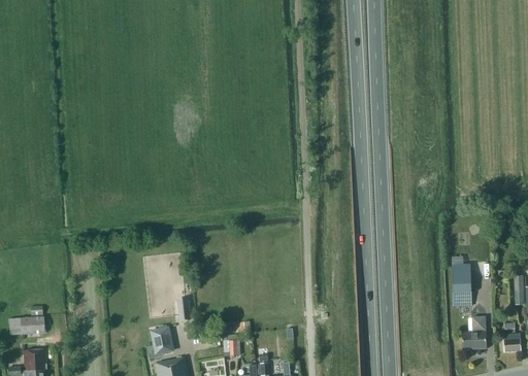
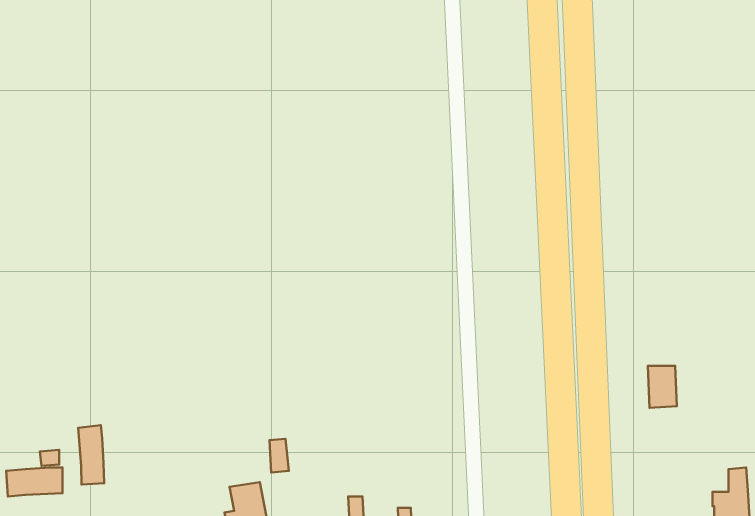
building: [452,265,470,292] -> [648,366,677,408]
building: none -> [78,425,104,485]

